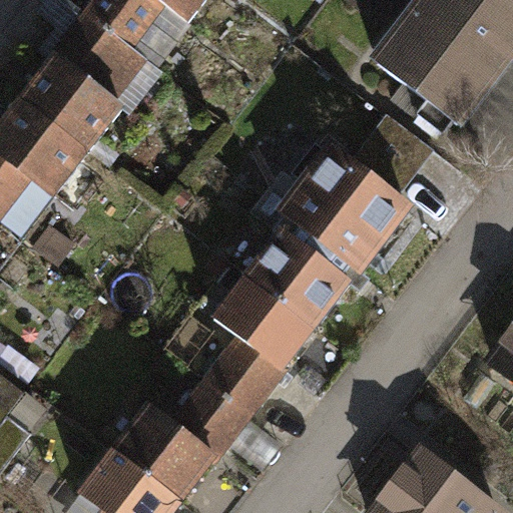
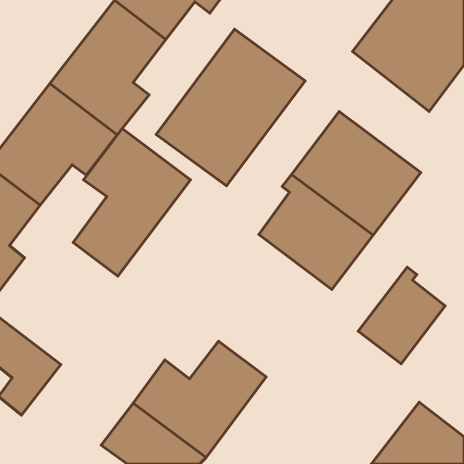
building: none -> [156,29,305,186]
building: none -> [73,128,190,276]
building: [233,250,355,403] -> none
building: none -> [358,267,445,364]

